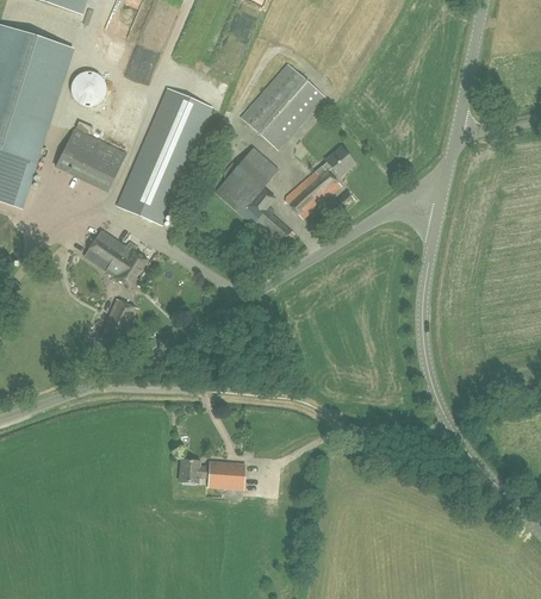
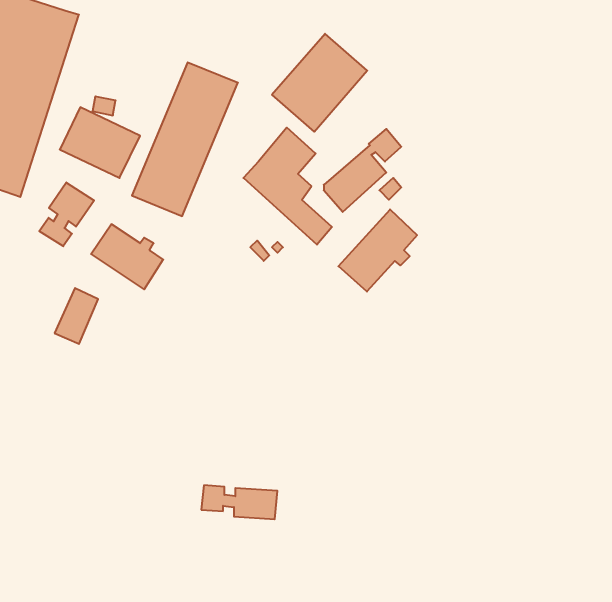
building: none -> [39,182,94,246]
building: none -> [338,209,417,292]
building: [99,298,137,347] -> [55,288,98,344]

